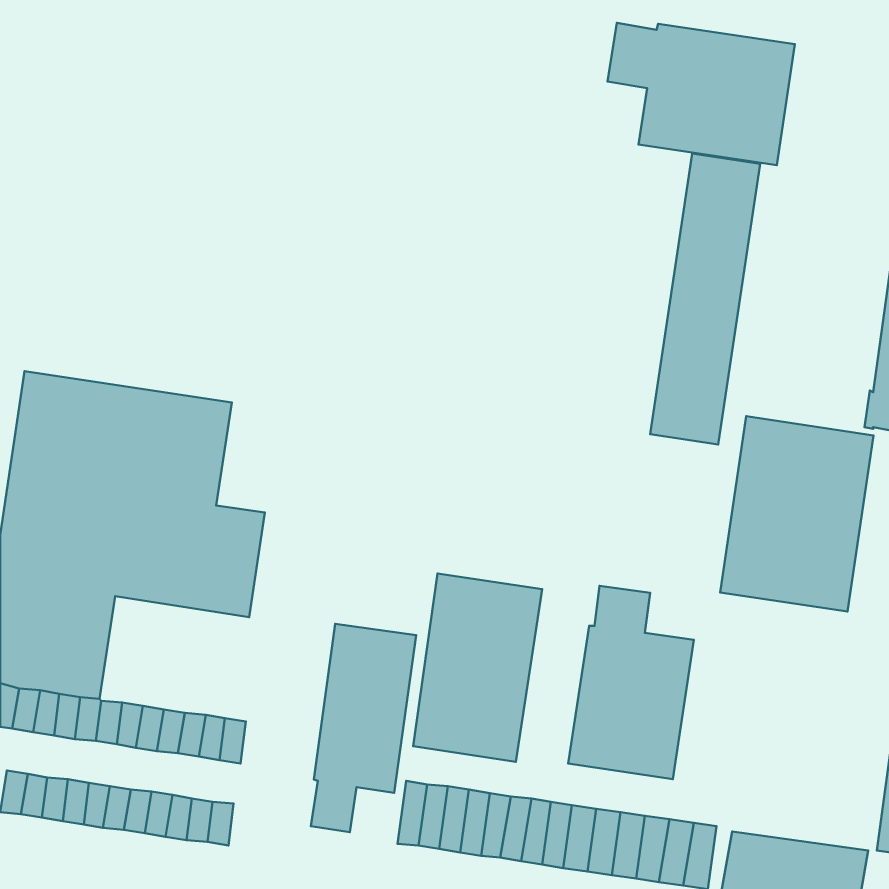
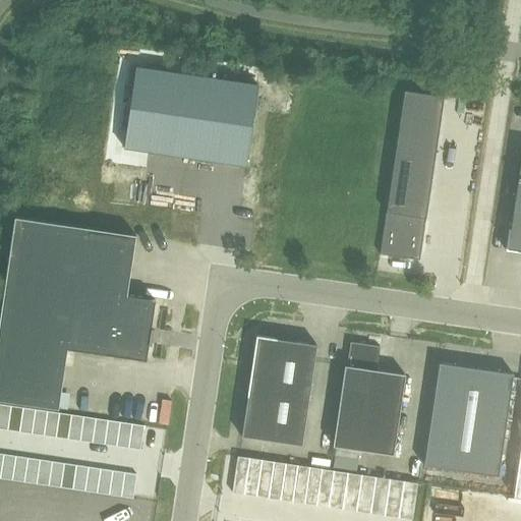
building: [608,23,795,165] -> none
building: none -> [124,67,258,167]
building: [720,416,874,612] -> [424,363,514,477]
building: [311,624,416,832] -> none

